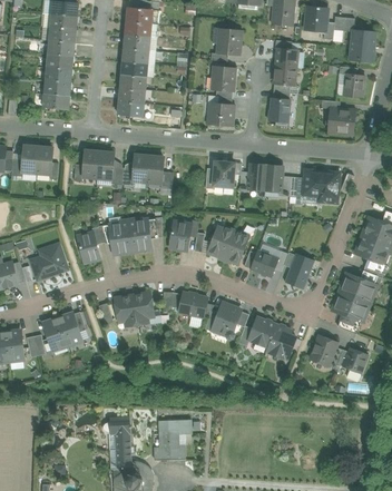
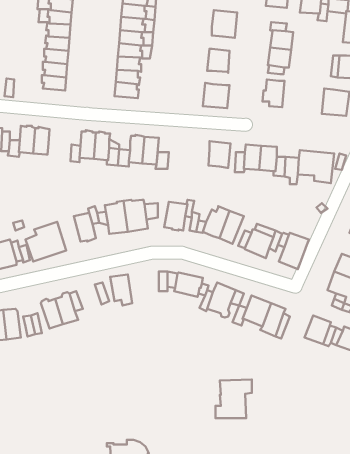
building: [131,292,153,324] -> none
building: [154,420,190,459] -> [215,379,252,418]
building: [102,421,130,467] -> none

